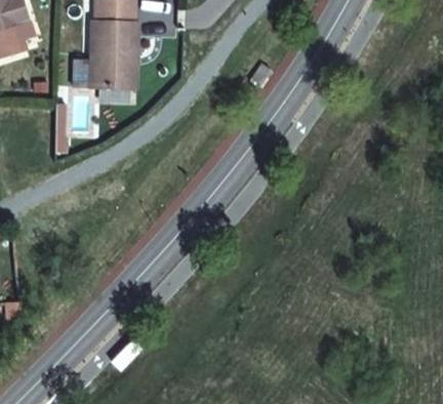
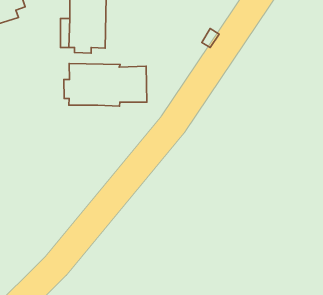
building: none -> [64,64,147,106]

